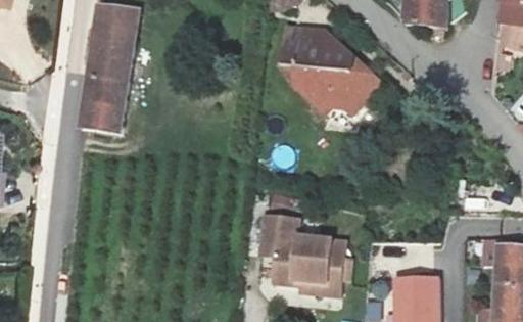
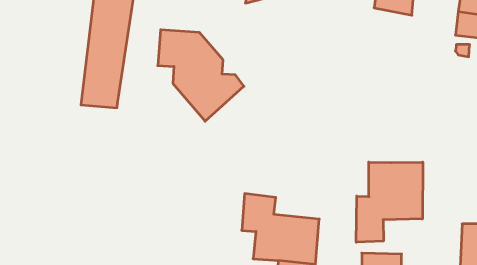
building: [288,29,381,128] -> [158,30,244,121]
building: none -> [356,162,423,242]

